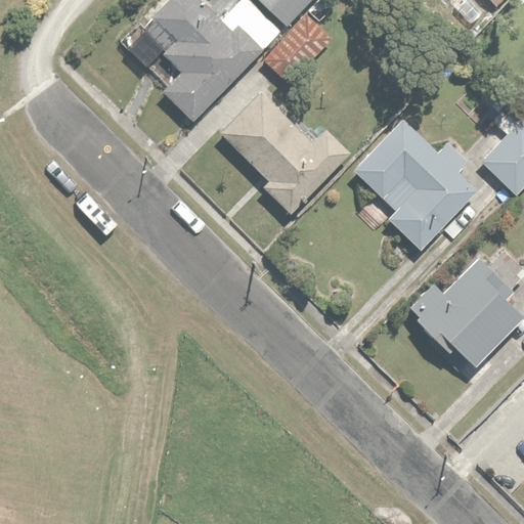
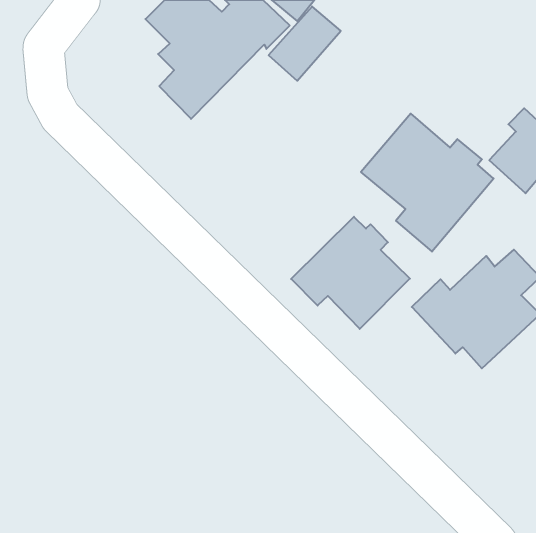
building: [222,89,354,221] -> none
building: none -> [291,217,410,329]

